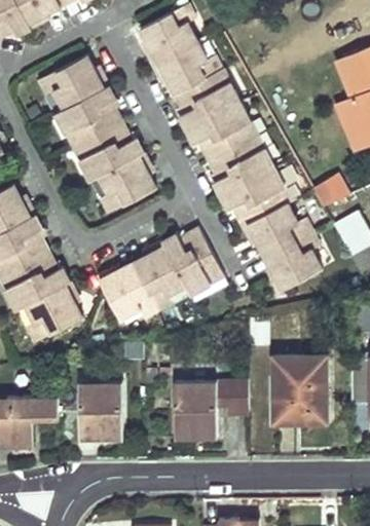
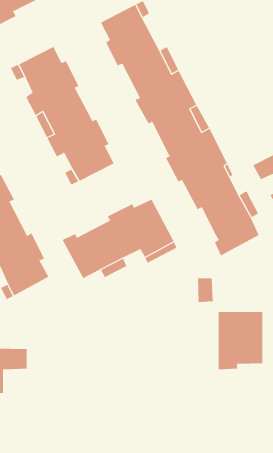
building: [174,381,248,439] -> none
building: [78,382,121,440] -> none

